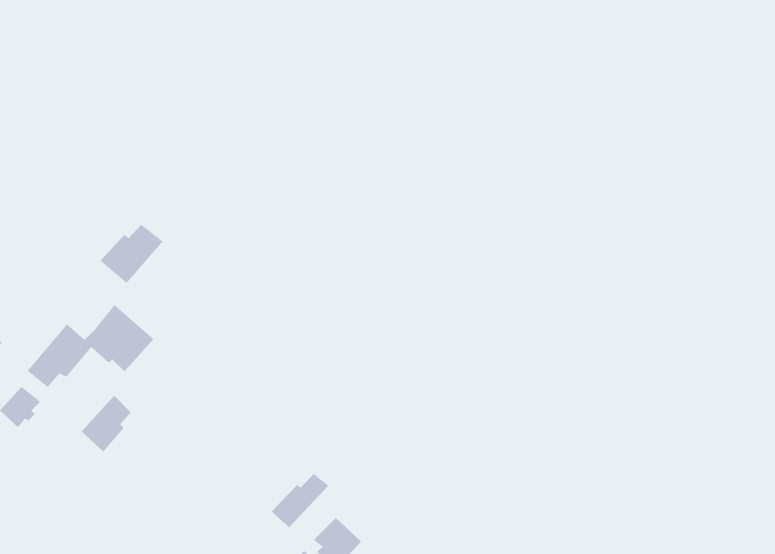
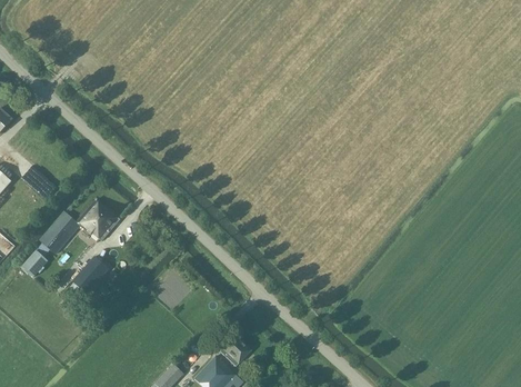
building: [100,224,164,284] -> none
building: [271,473,329,528] -> none

